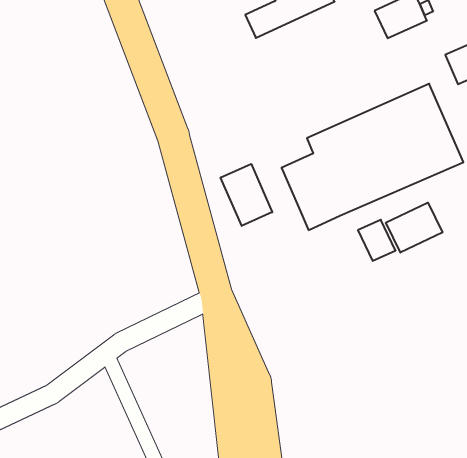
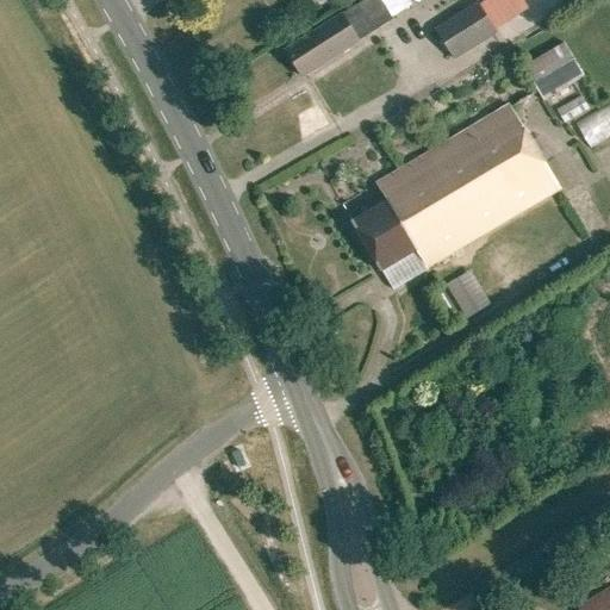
building: [221,164,272,226] -> none
building: [386,203,442,253] -> none

